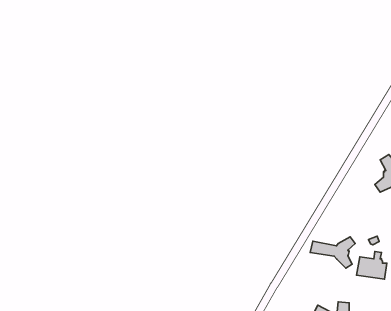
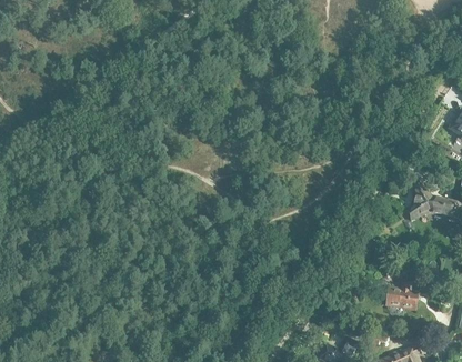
building: [310,237,355,268] -> none

